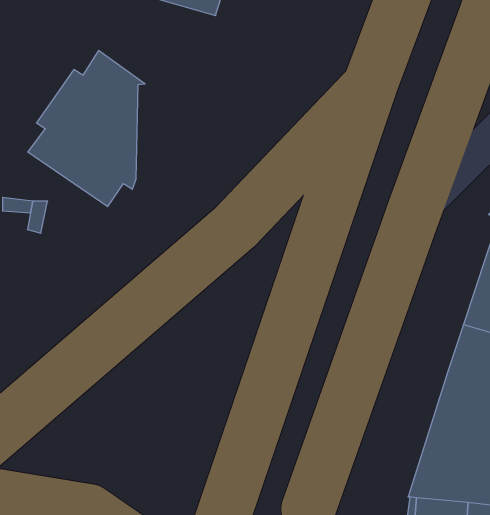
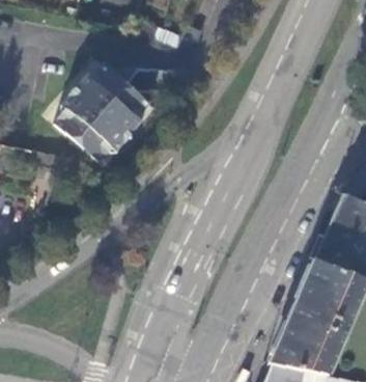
building: none -> [115,86,148,152]

